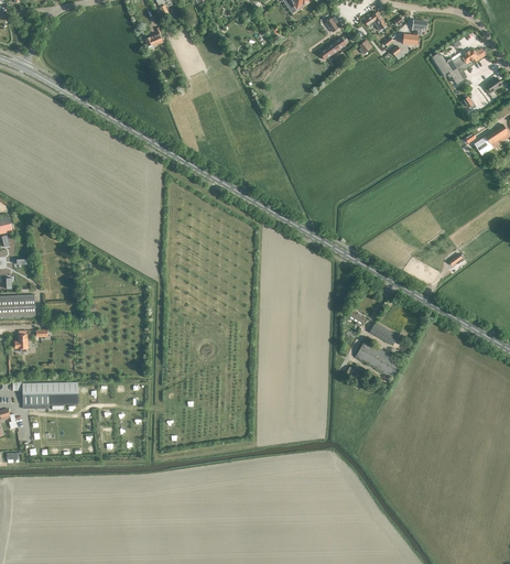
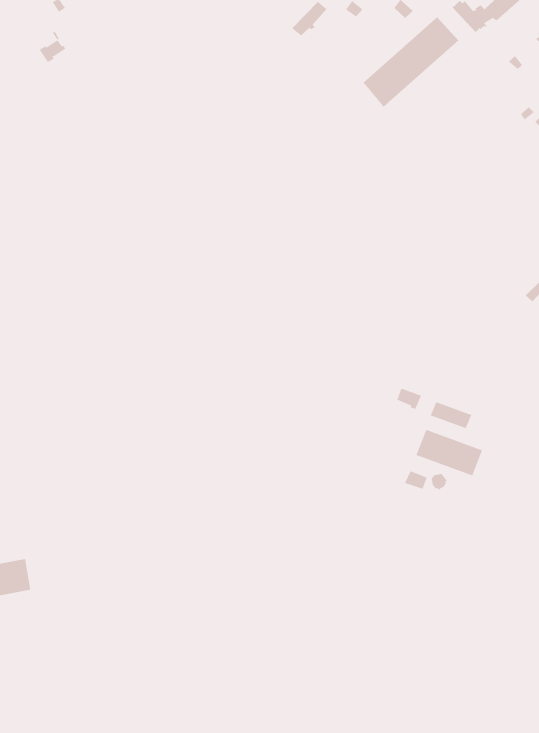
building: none -> [363,17,459,108]

